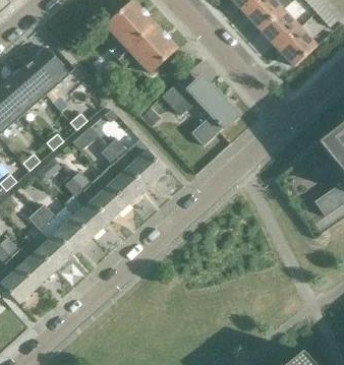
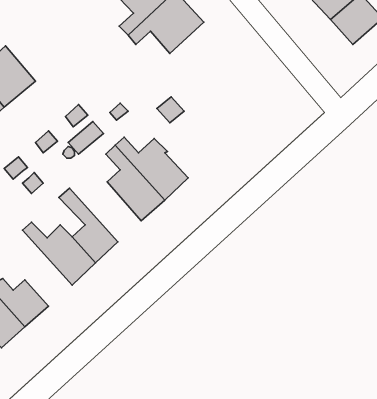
building: [22,47,69,95] -> none
building: [162,74,238,146] -> none
building: [72,171,128,220] -> none
building: [28,210,74,269] -> none

